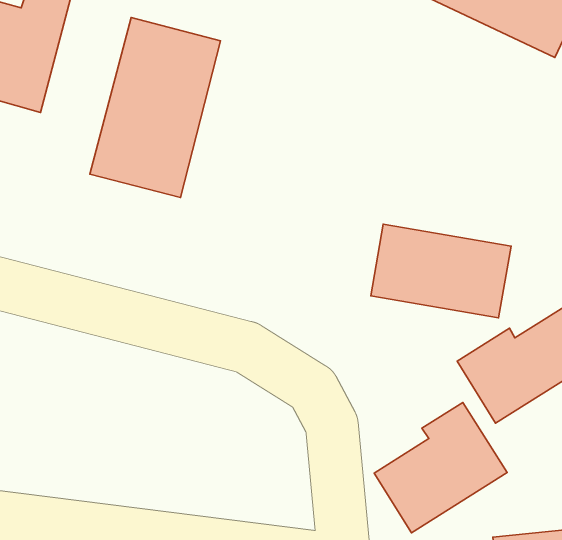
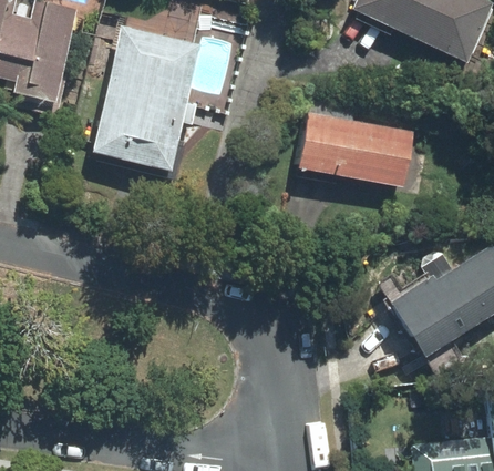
building: [371,224,511,318] -> [301,114,414,190]
building: [374,403,507,533] -> none

